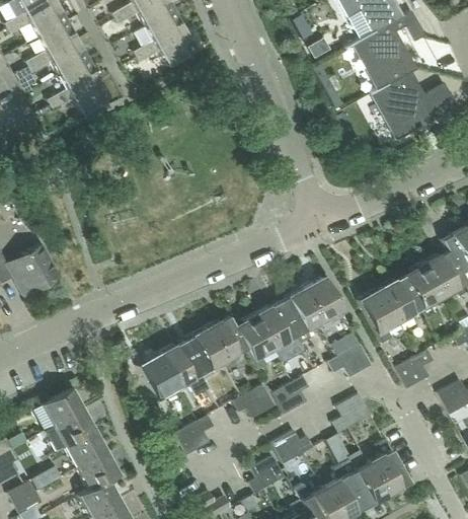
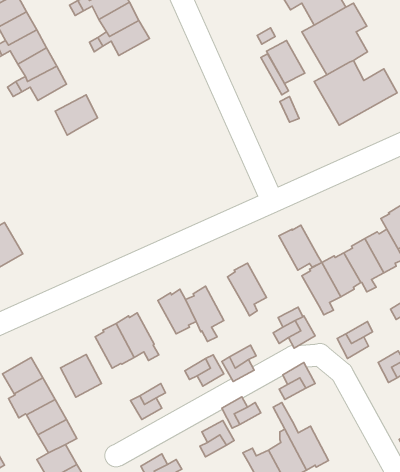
building: none -> [266,41,305,84]
building: none -> [55,95,97,135]
building: [300,277,345,324] -> [279,225,322,270]
building: [255,302,297,349] -> none
building: [182,327,224,374] -> none
building: none -> [60,354,102,397]
building: [367,440,408,498] -> none

